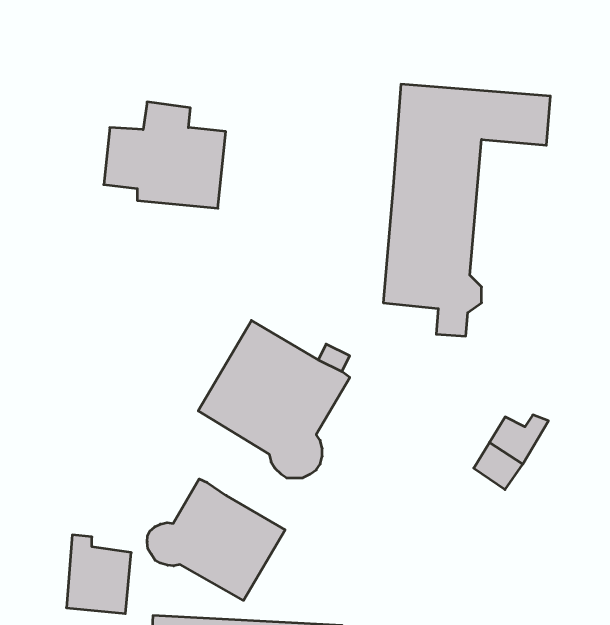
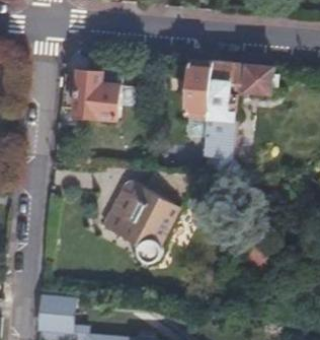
building: none -> [183,57,211,112]
building: [147,479,285,600] -> none

